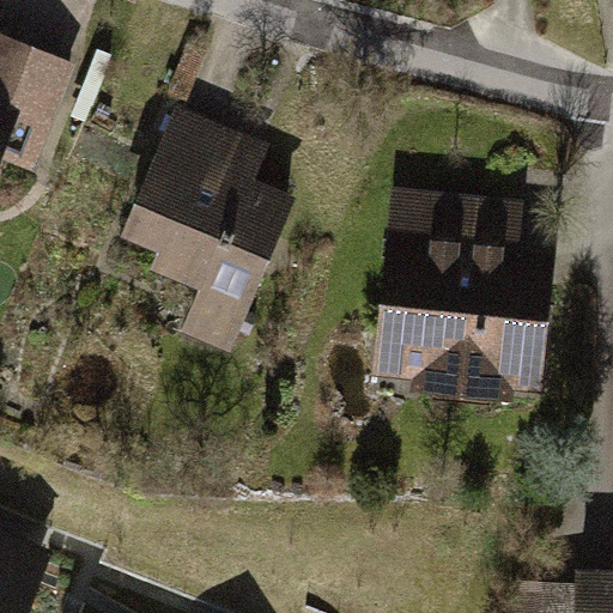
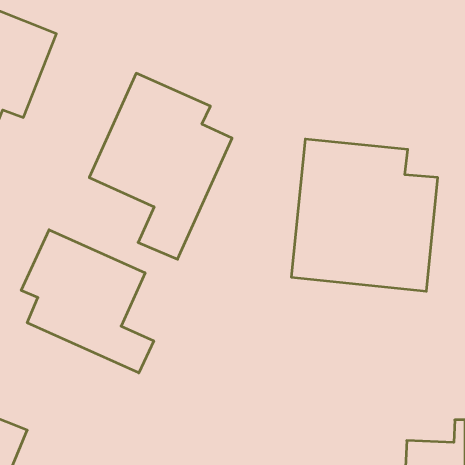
building: none -> [21,230,154,373]

